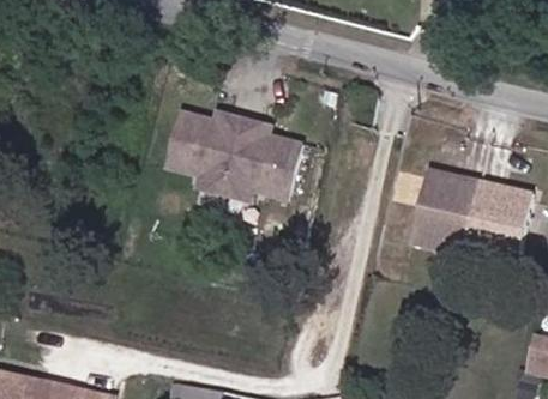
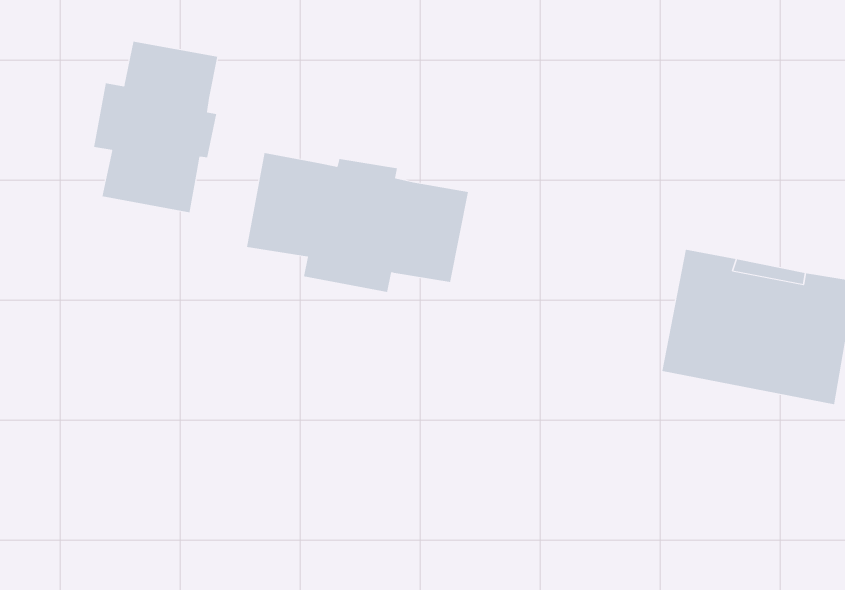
building: none -> [93,41,218,213]

